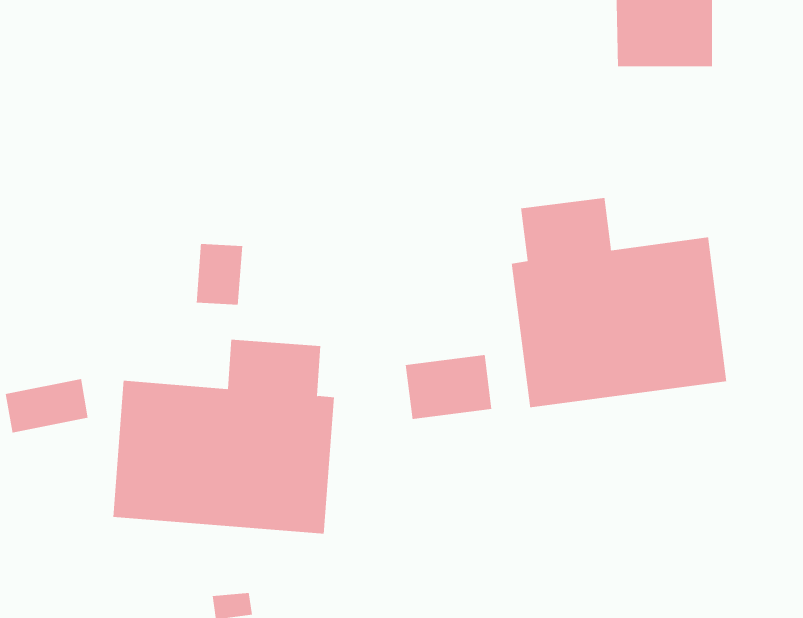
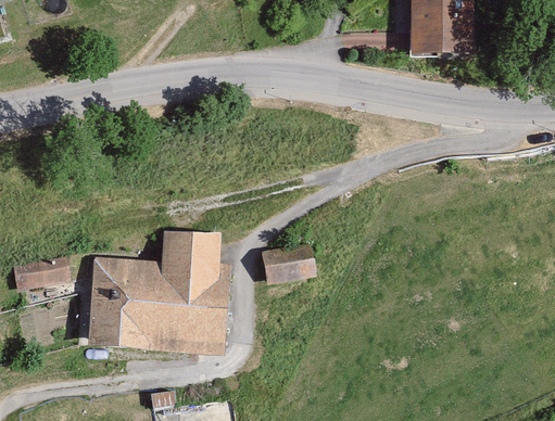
building: [511,197,727,408] -> none
building: [196,243,243,306] -> none

